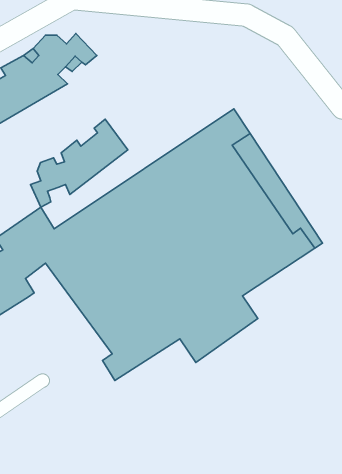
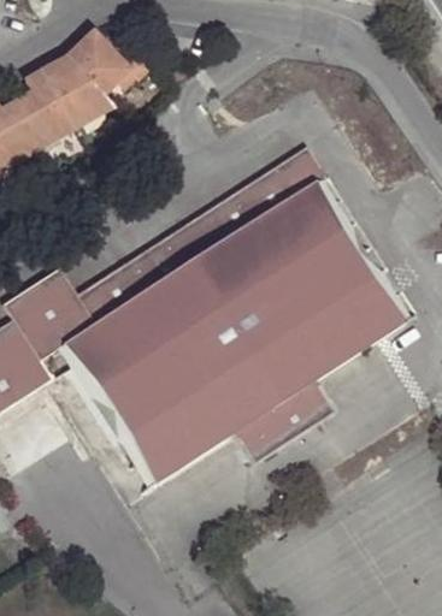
building: [31,119,128,207] -> none

